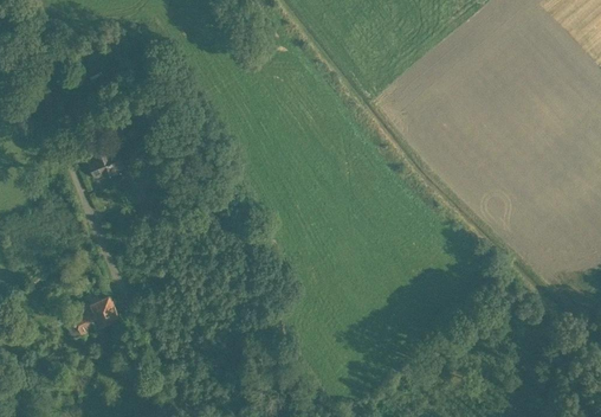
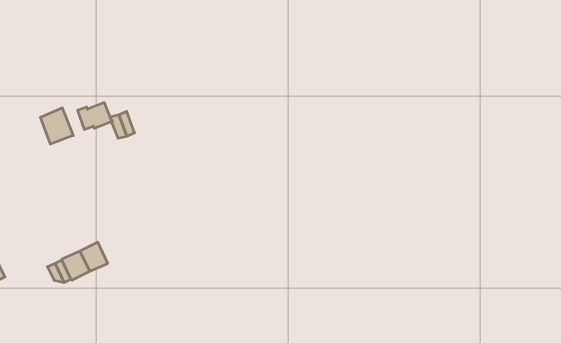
building: none -> [40,108,73,144]

